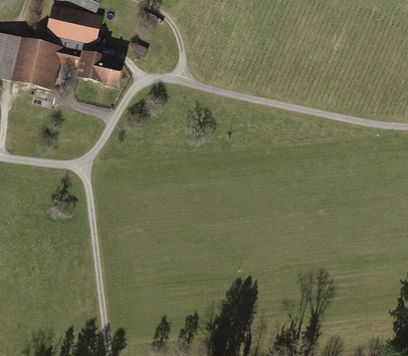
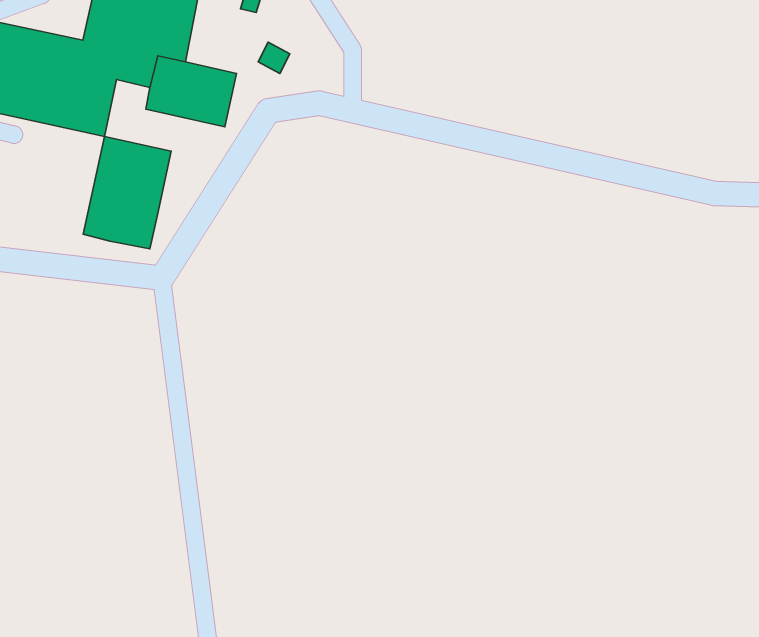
building: none -> [83,137,171,249]

